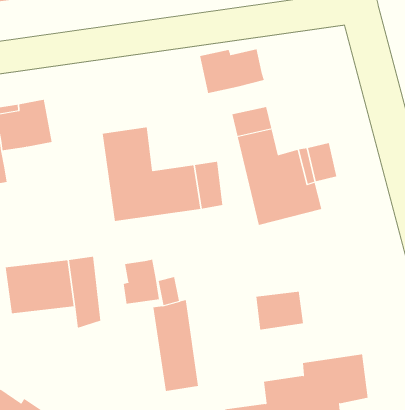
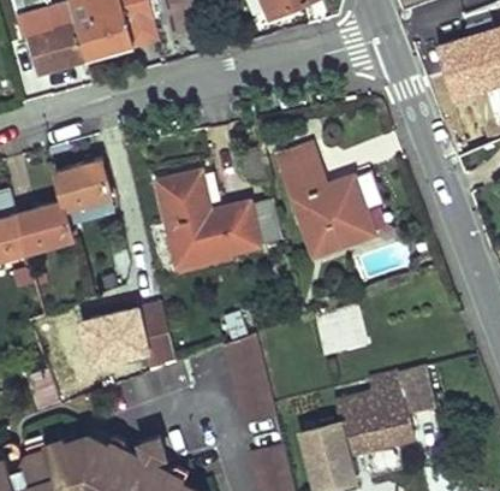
building: [199,48,265,94] -> none
building: [123,259,159,305] -> none

